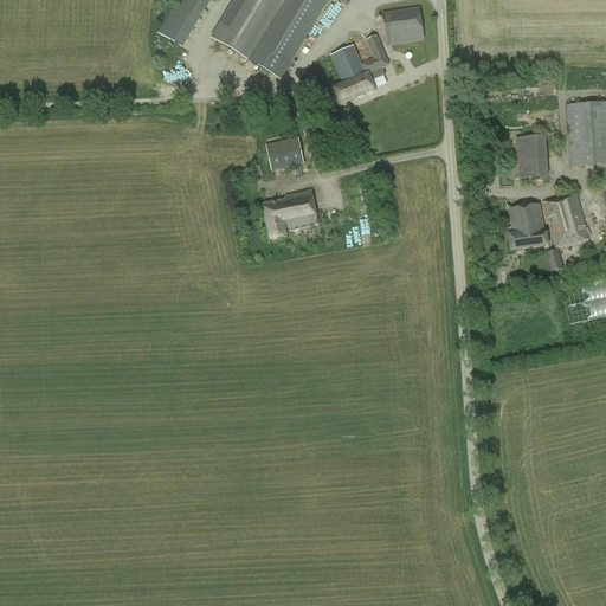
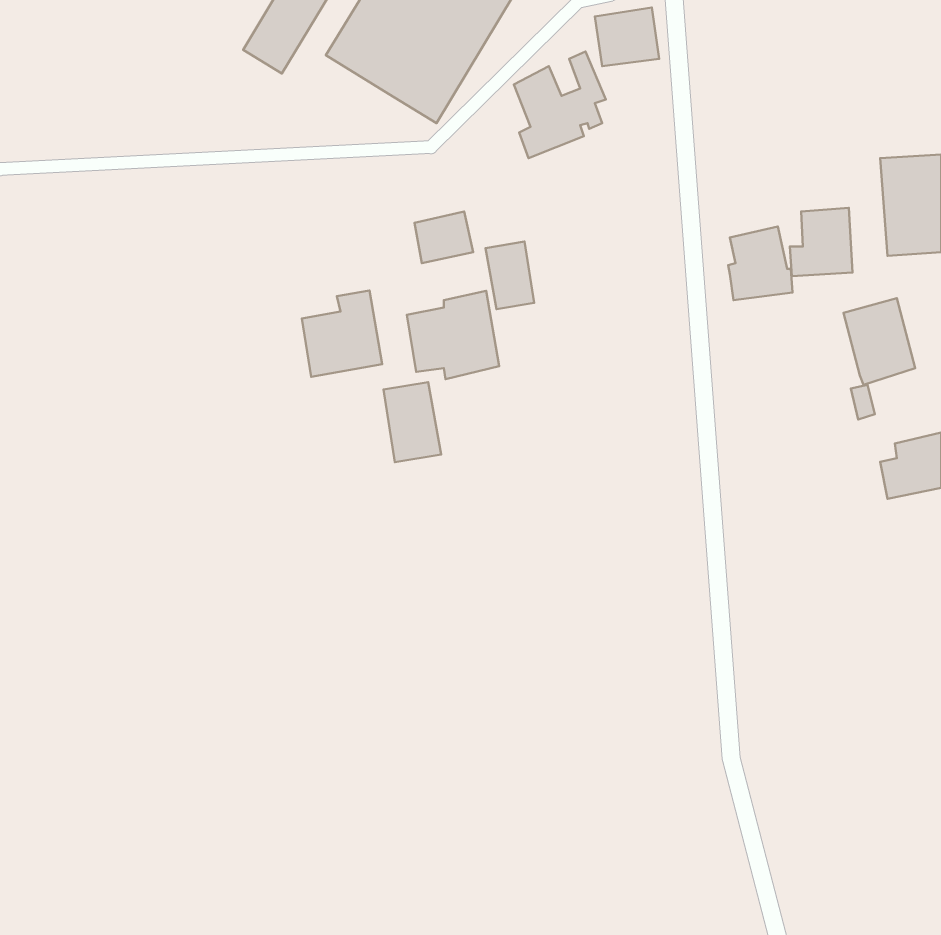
building: none -> [486,242,534,309]
building: none -> [302,291,382,377]
building: [507,201,548,249] -> [728,226,793,300]
building: none -> [383,382,441,462]

